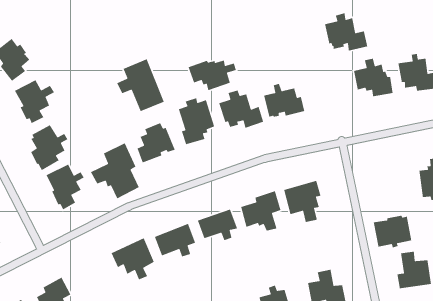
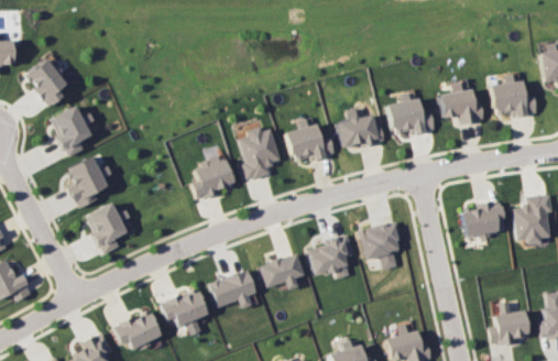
building: [324,12,368,52] -> [385,91,436,136]
building: [116,58,165,112] -> none
building: [188,59,237,91] -> none
building: [90,142,140,200] -> none
building: [373,215,412,249] -> [460,200,505,239]
building: none -> [112,309,161,351]

